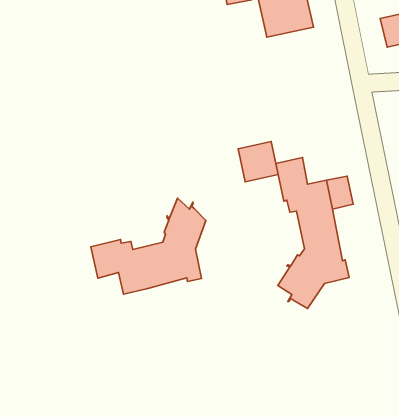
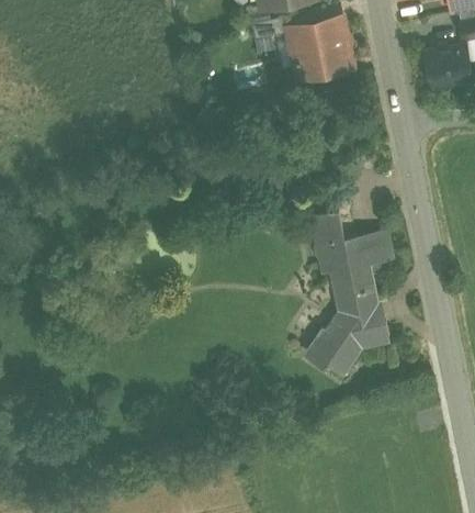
building: [238,141,278,182] -> none
building: [91,198,206,294] -> none

